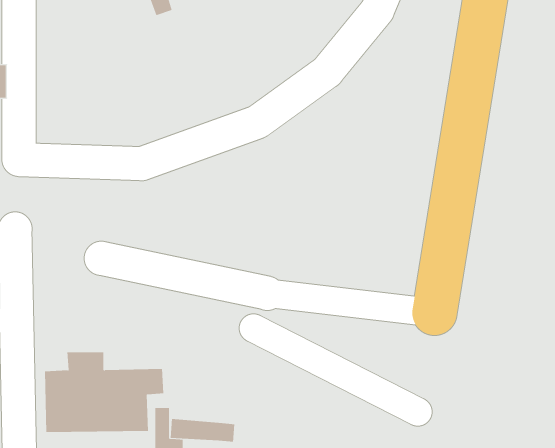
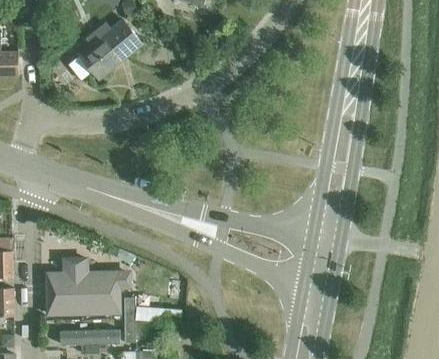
building: none -> [67,21,140,79]

